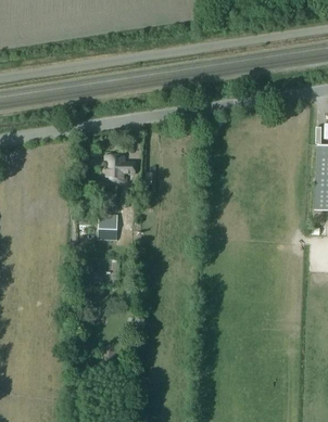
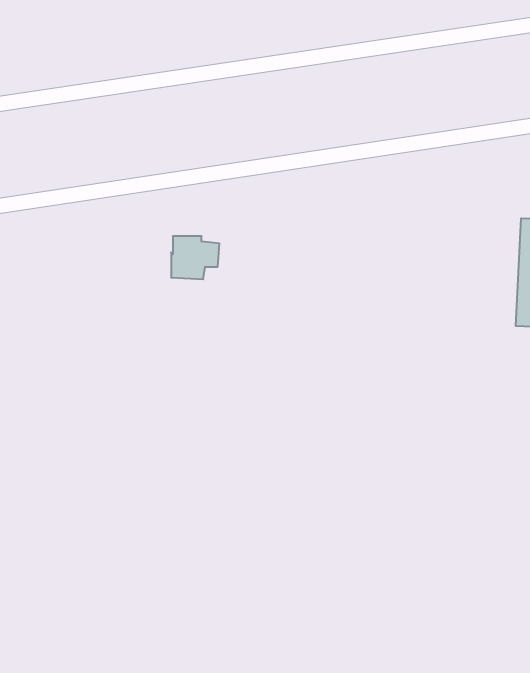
building: [98,215,117,239] -> none

